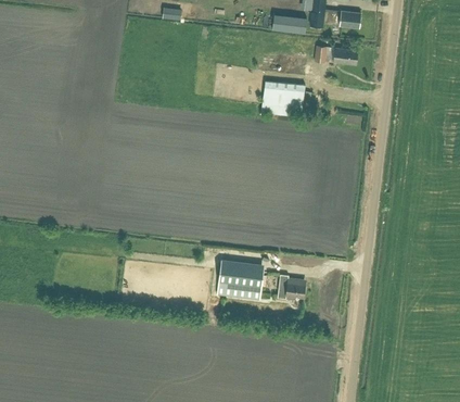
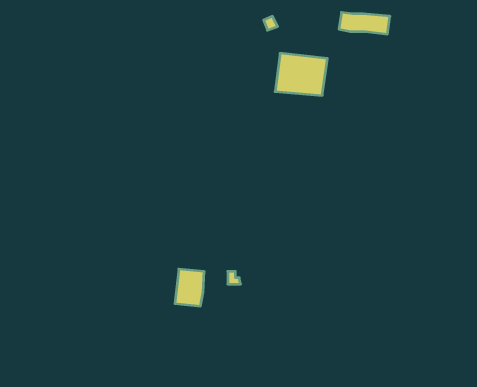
building: [238,267,263,299] -> [175,269,204,306]
building: [277,274,305,298] -> none

